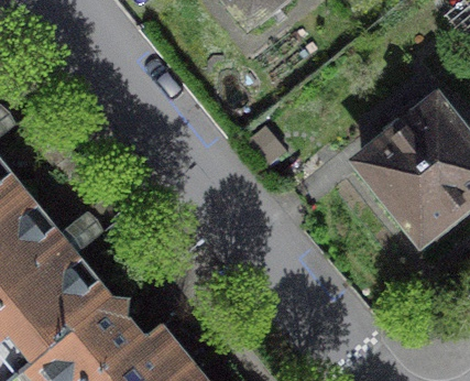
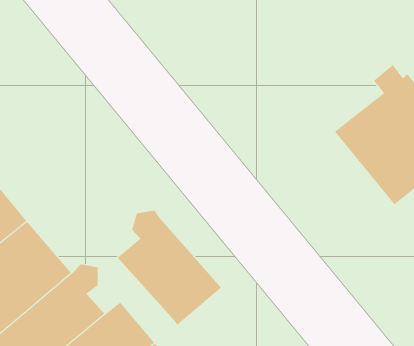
building: none -> [117,210,222,326]

